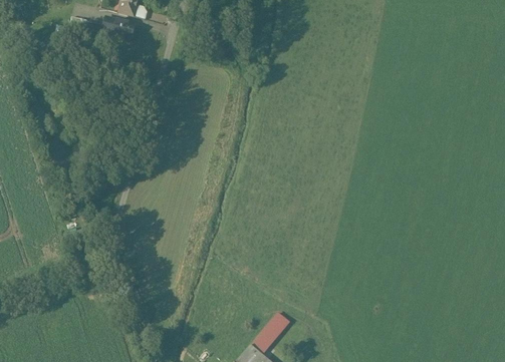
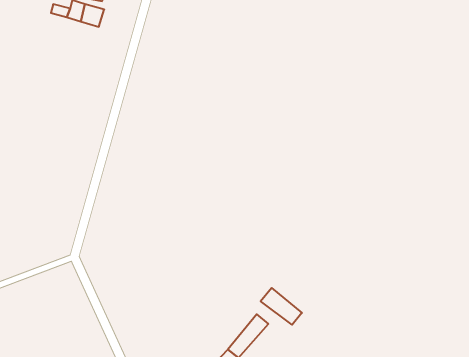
building: none -> [261,288,302,325]

